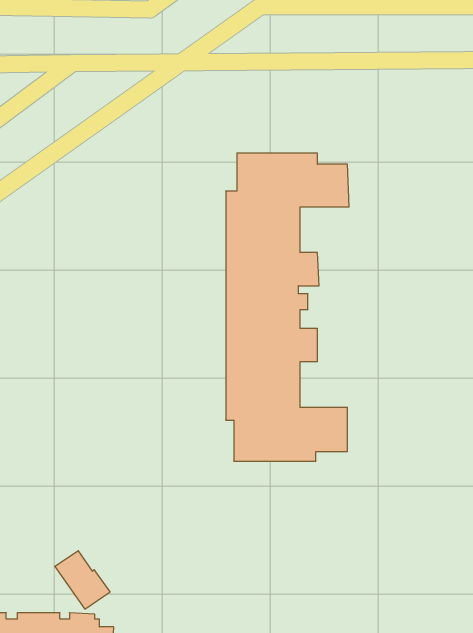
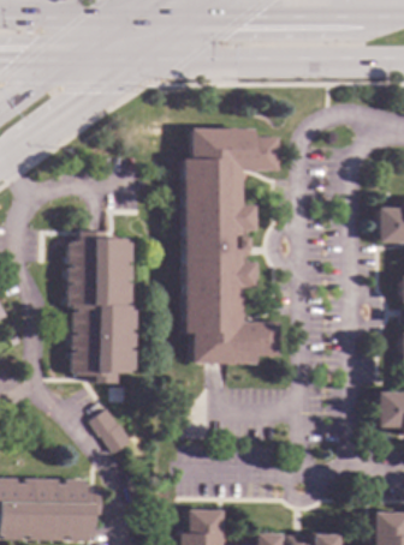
building: none -> [67,229,135,384]
building: [55,551,110,609] -> [93,409,135,454]

